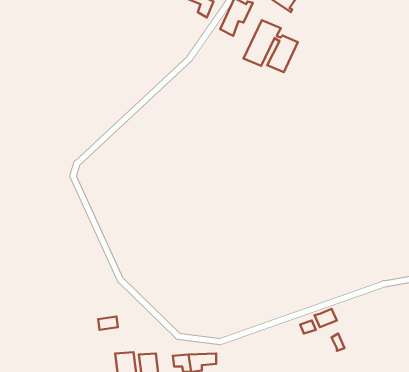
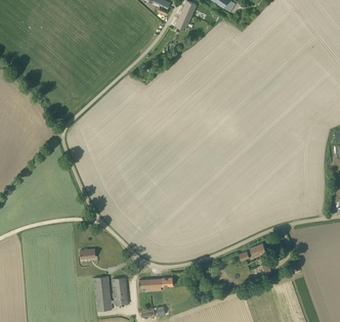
building: [244,20,298,72] -> none

